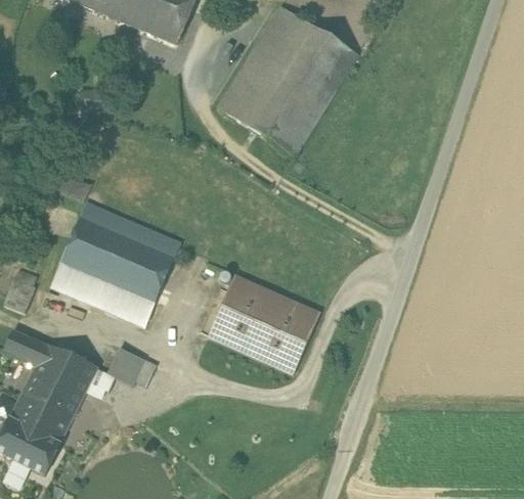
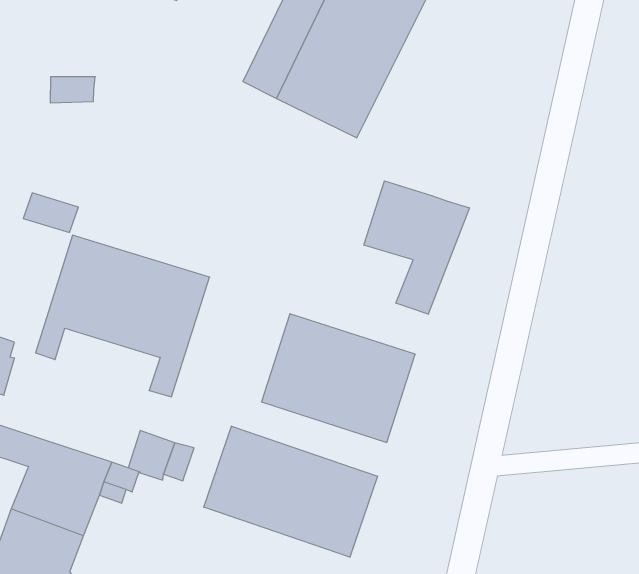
building: none -> [364,181,469,314]
building: [63,269,138,319] -> none
building: none -> [204,426,378,557]

